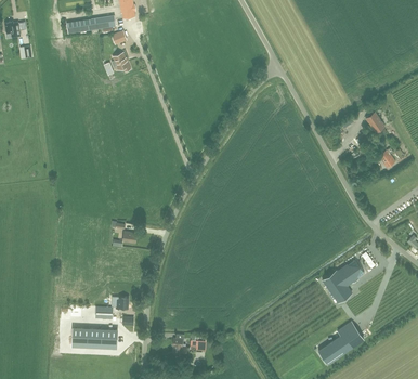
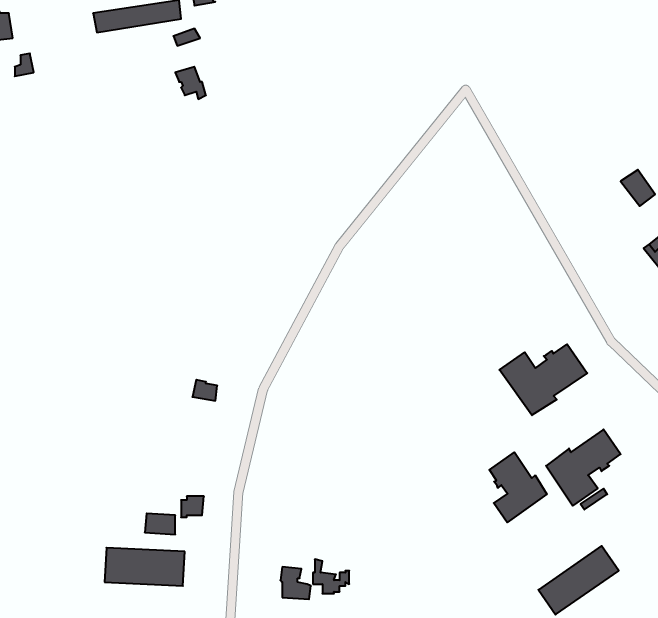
building: none -> [499,344,587,415]
building: none -> [489,452,547,522]

